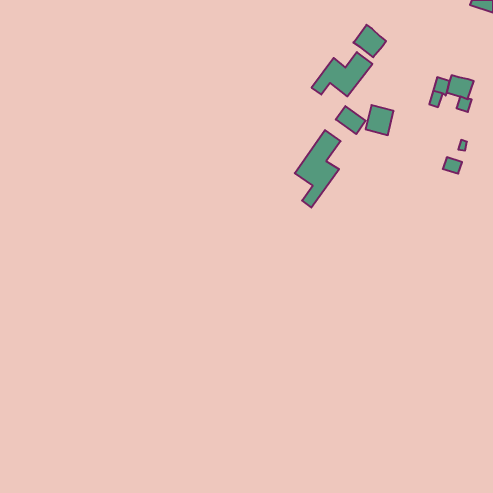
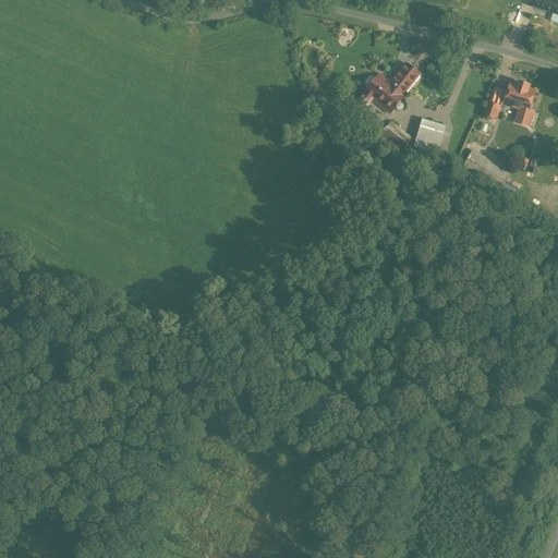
building: [353,25,386,57] -> none
building: [295,130,341,208] -> none

